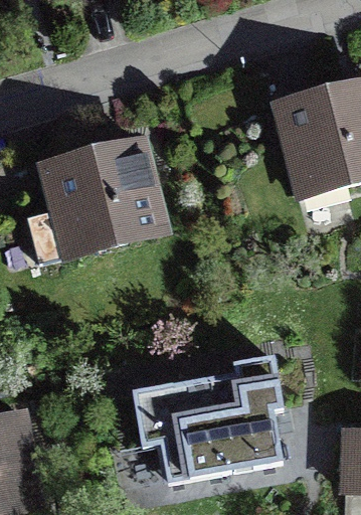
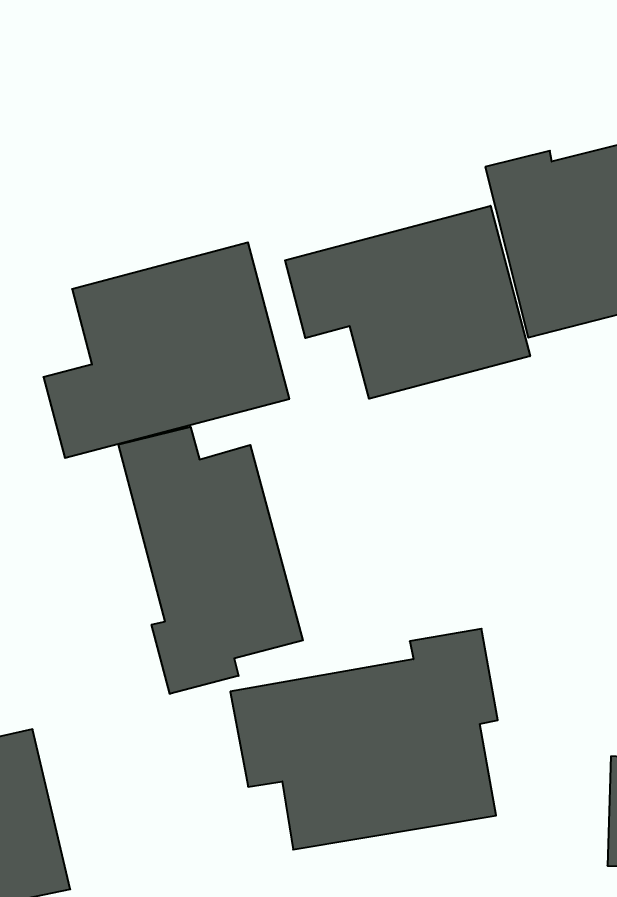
building: none -> [285,206,530,399]
building: none -> [119,427,303,694]

